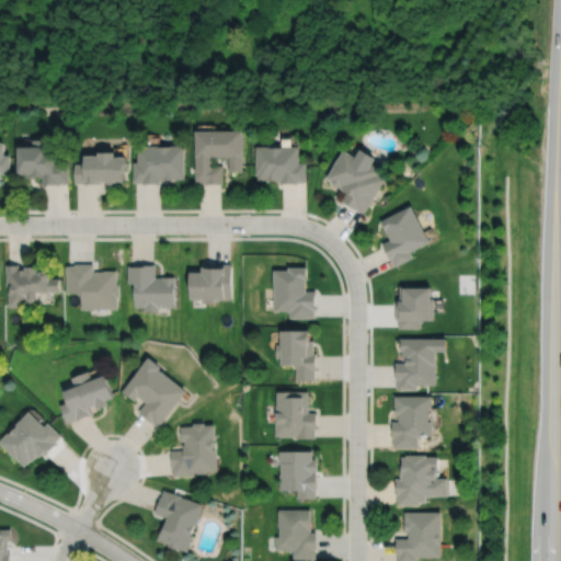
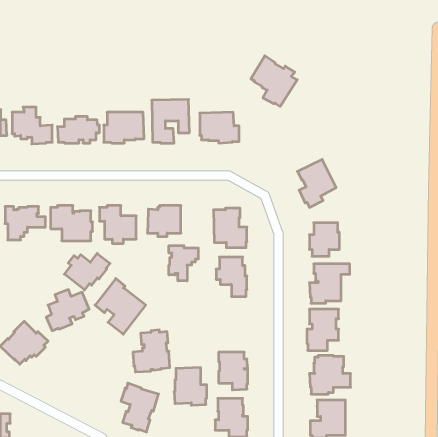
building: [327,148,386,213] -> [251,56,297,106]
building: none -> [169,246,198,281]
building: none -> [64,253,110,290]
building: [274,391,316,439] -> [174,368,207,405]

